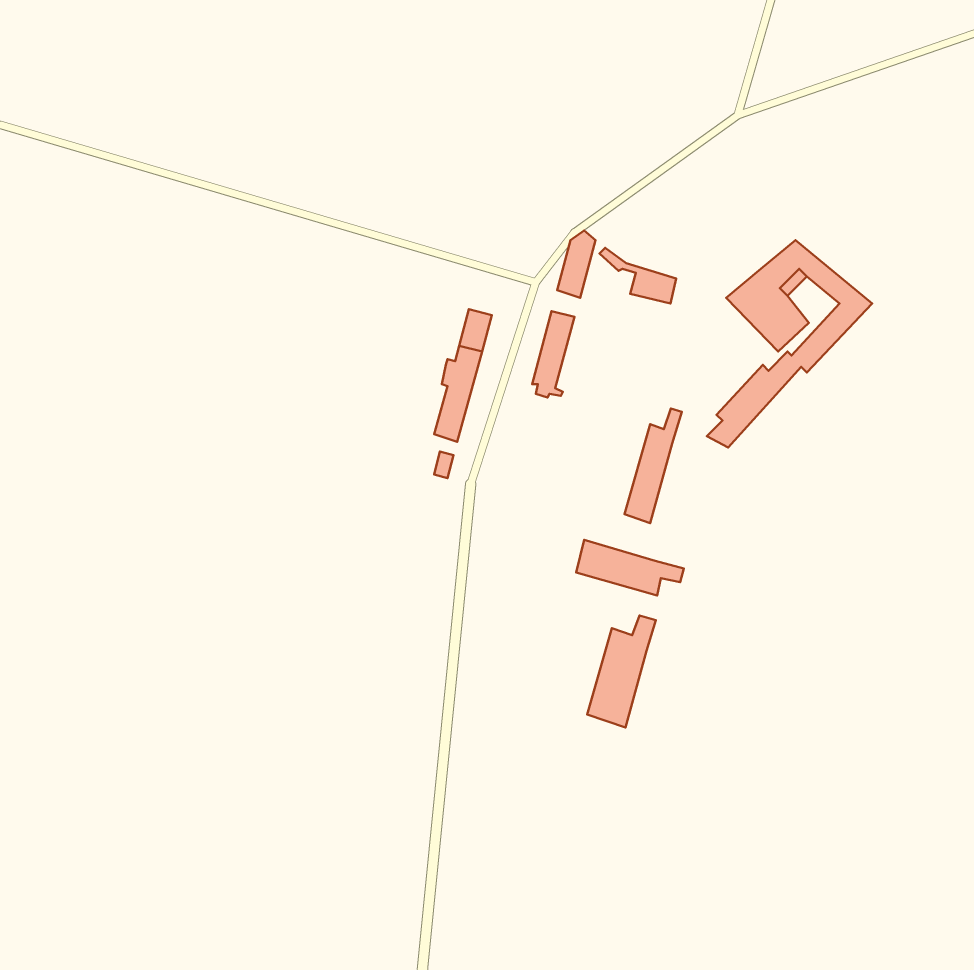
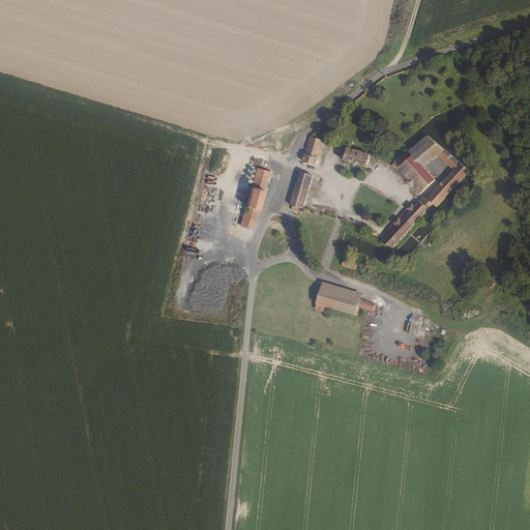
building: [625,409,682,523] -> none
building: [587,616,656,727] -> none

